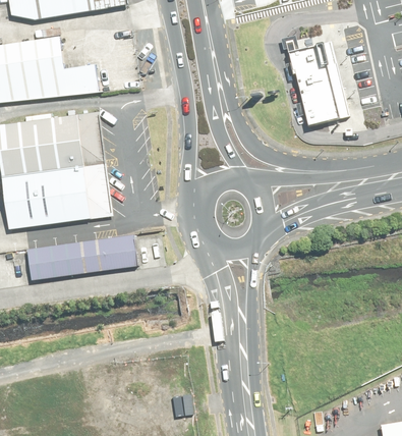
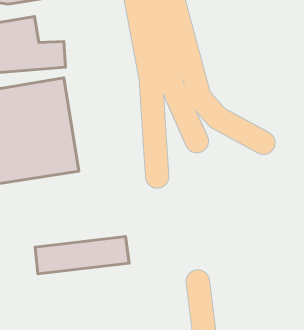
building: [294,35,349,119] -> none
building: [26,235,134,278] -> [35,236,129,274]

